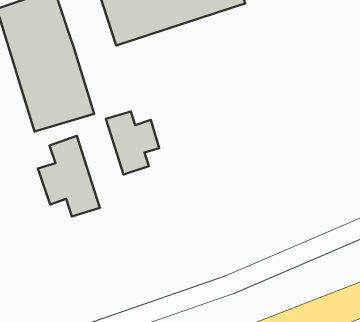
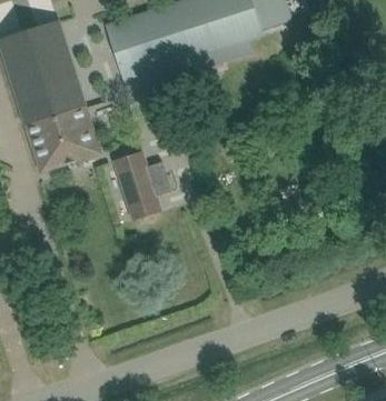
building: [38,136,100,216] -> none

